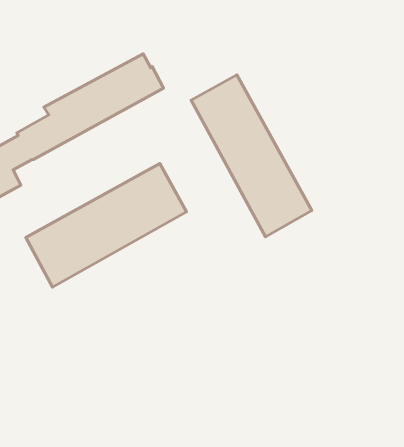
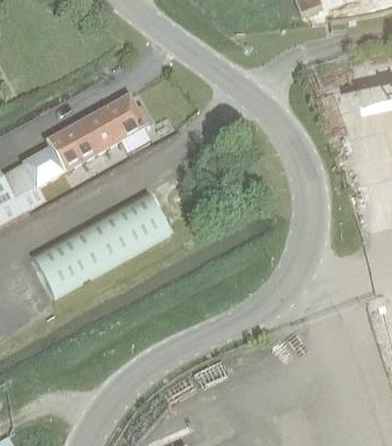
building: [191,75,312,237] -> none

